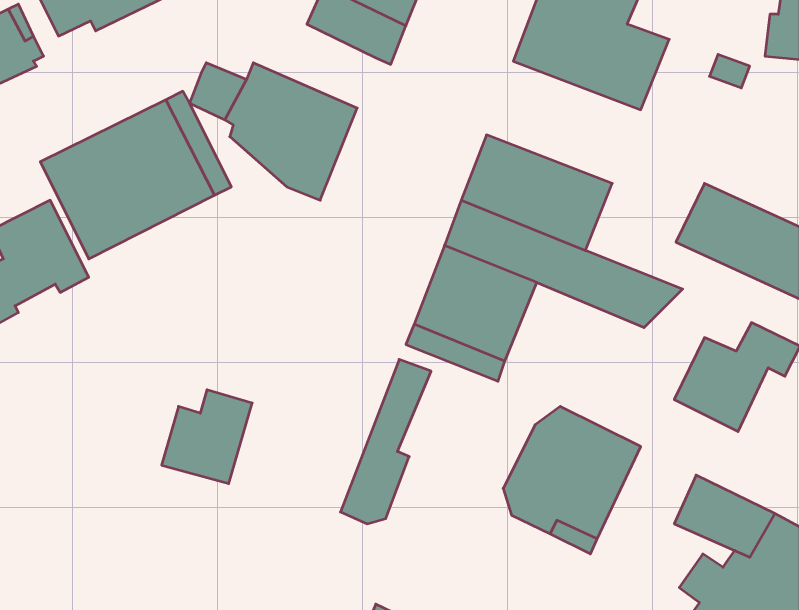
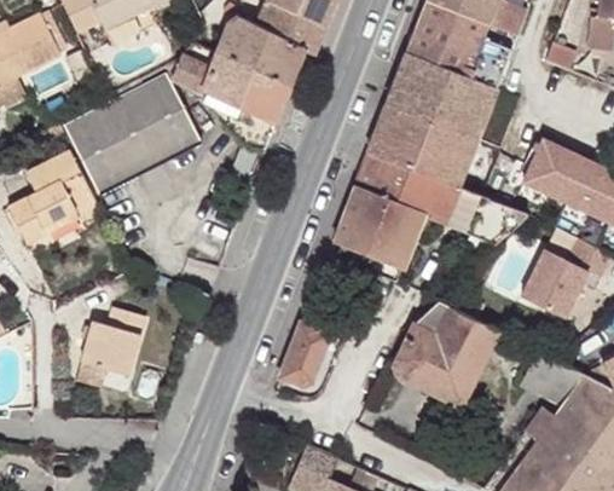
building: none -> [218,17,306,85]
building: none -> [386,51,497,139]
building: [162,390,252,484] -> [82,308,147,376]

